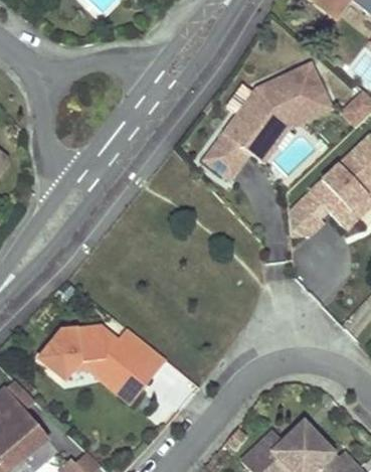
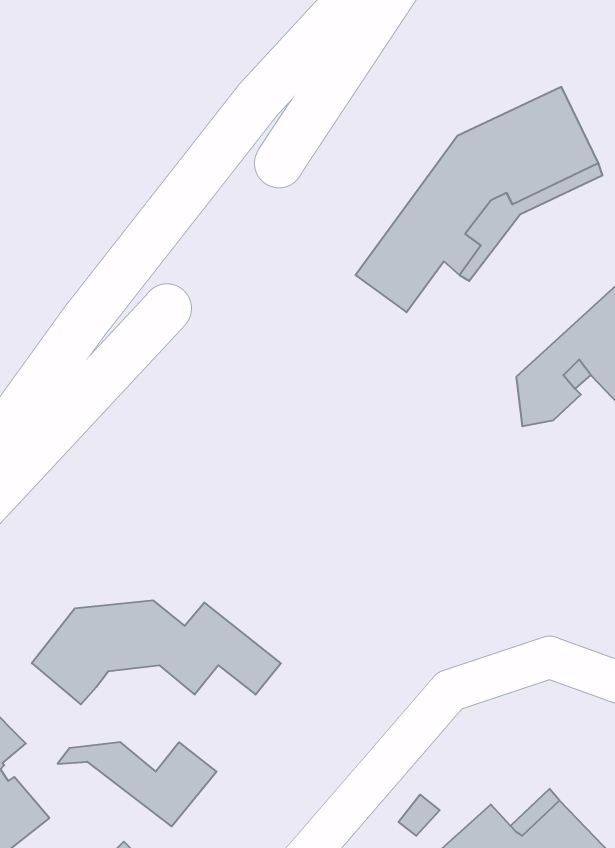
building: [71,359,153,403] -> [58,742,217,826]

